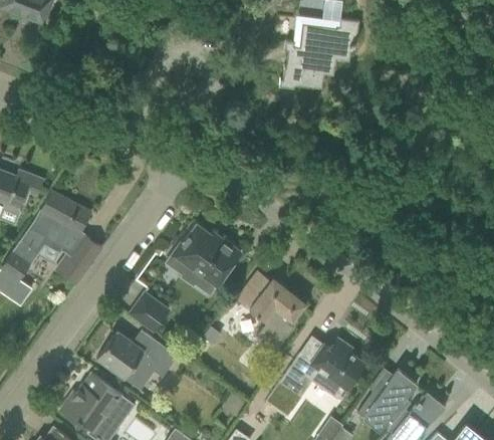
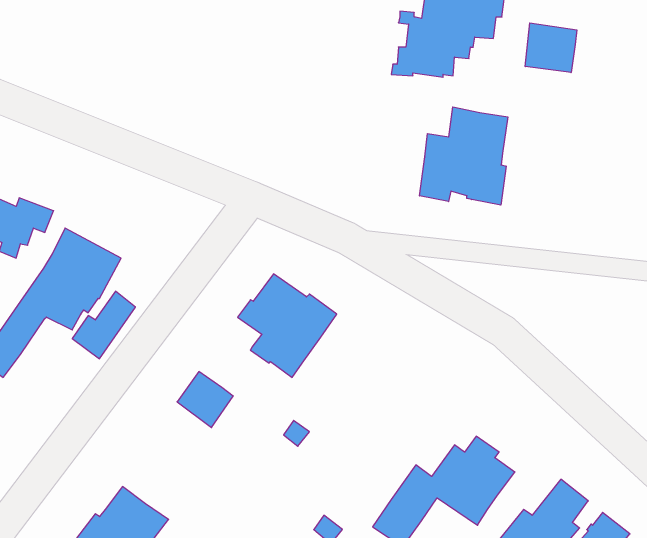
building: none -> [525,23,577,73]
building: none -> [420,107,508,205]
building: [236,270,305,347] -> none
building: [95,329,177,390] -> none

